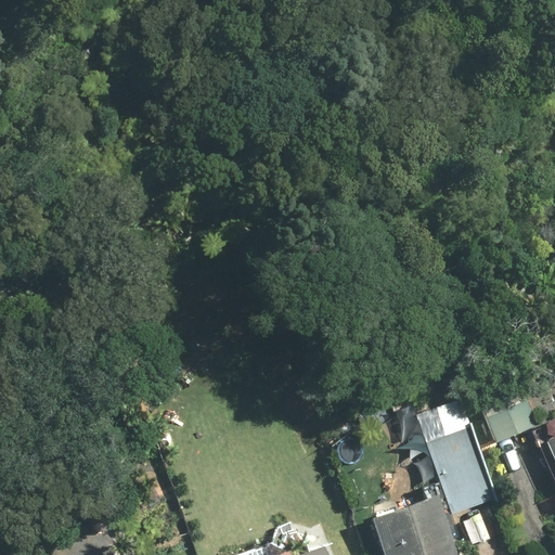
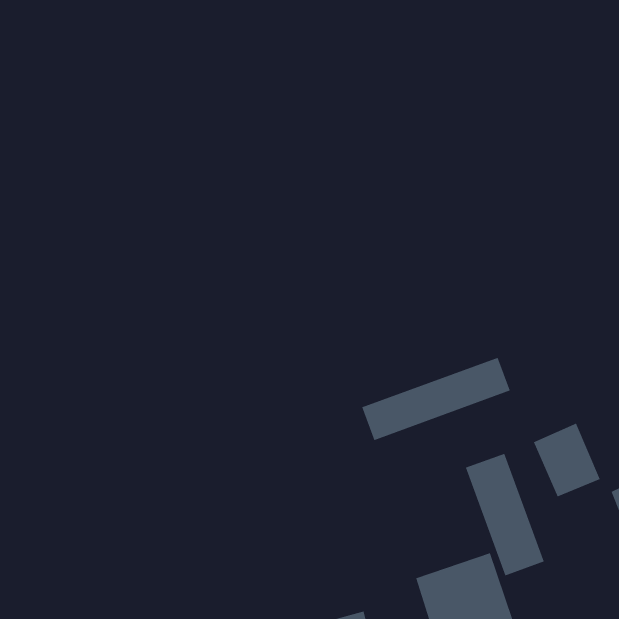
building: none -> [361,357,511,441]

